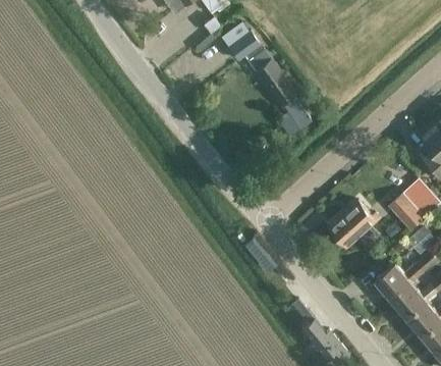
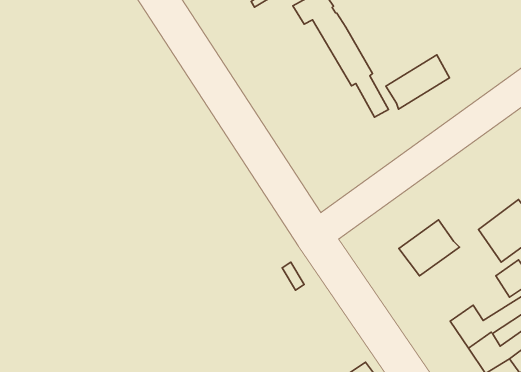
building: none -> [386,55,450,109]

